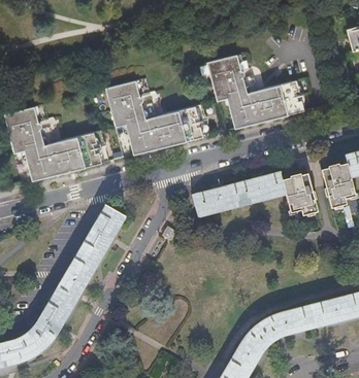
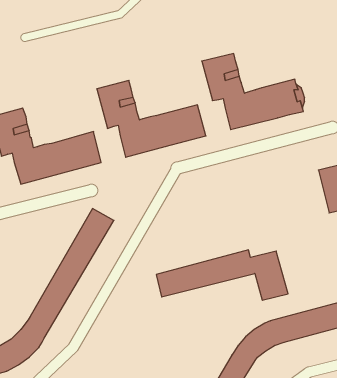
building: [191,172,318,220] -> [156,250,288,300]

